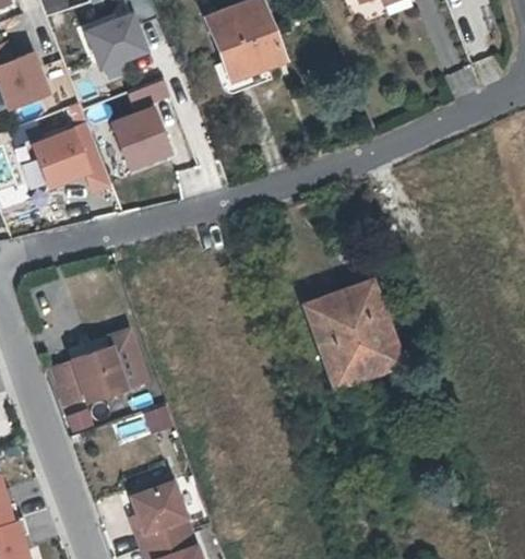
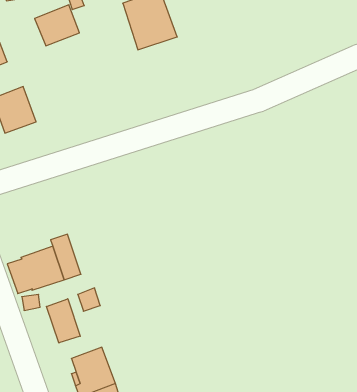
building: [110,102,172,167] -> none
building: [321,290,404,383] -> none
building: none -> [46,299,80,343]

